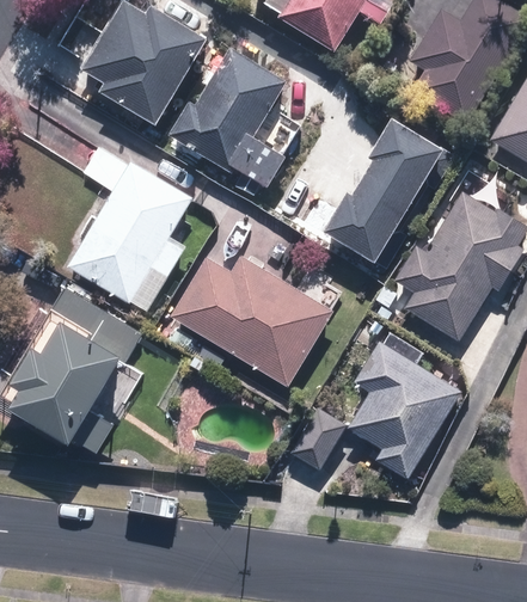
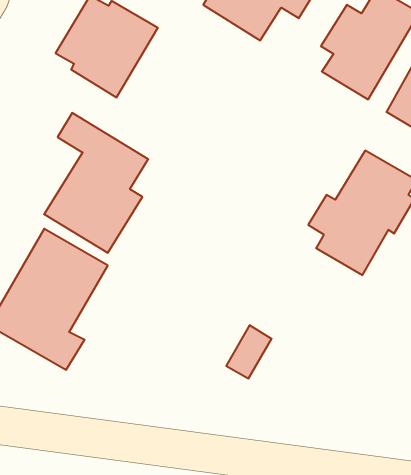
building: [166,47,286,194] -> none
building: [321,116,454,266] -> none
building: [168,254,332,386] -> none
building: [348,340,461,480] -> none

